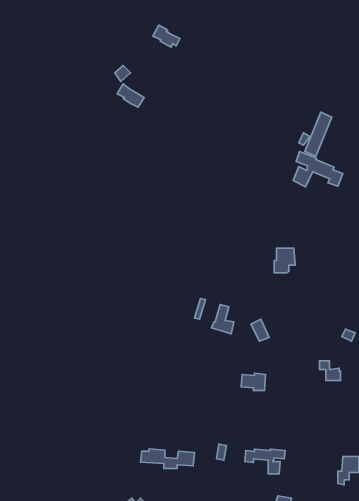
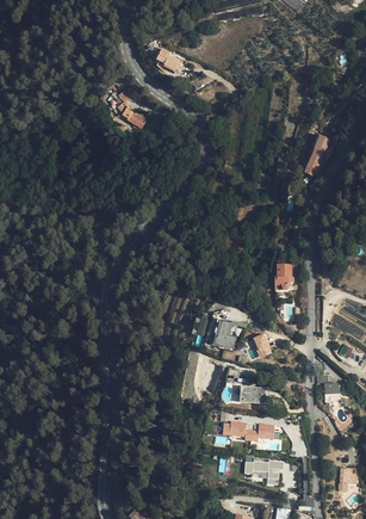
building: [293,151,343,187] -> none
building: [140,449,194,468] -> [223,421,275,440]

